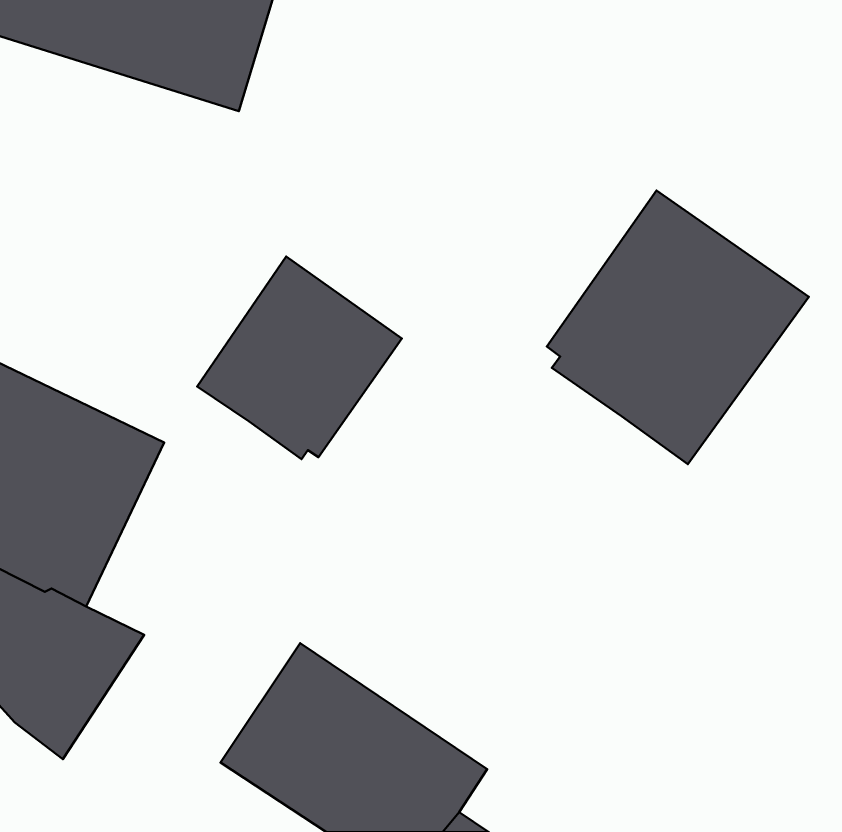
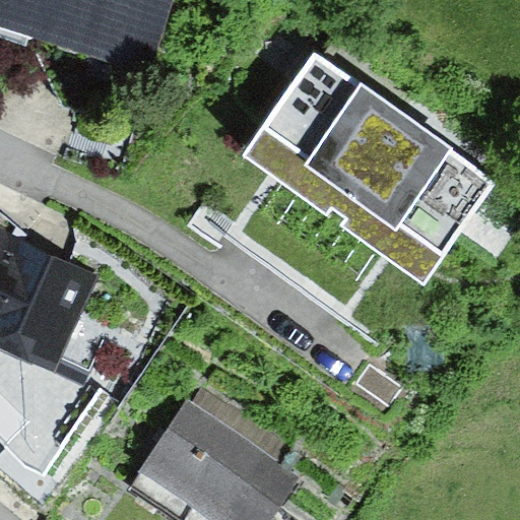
building: none -> [239,54,402,215]
building: [197,256,402,459] -> none

